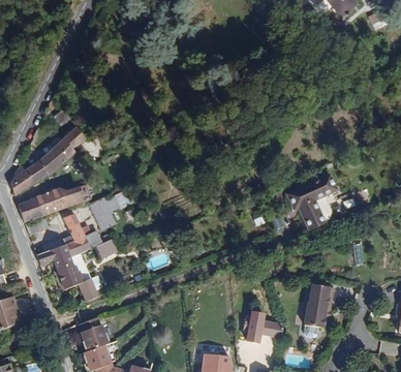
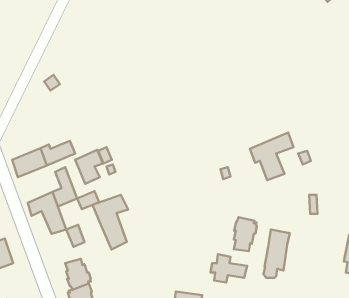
building: [9,128,88,197] -> none
building: none -> [92,195,128,249]
building: none -> [234,217,257,251]

